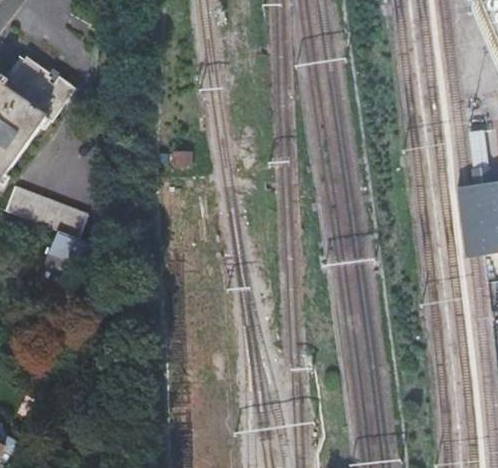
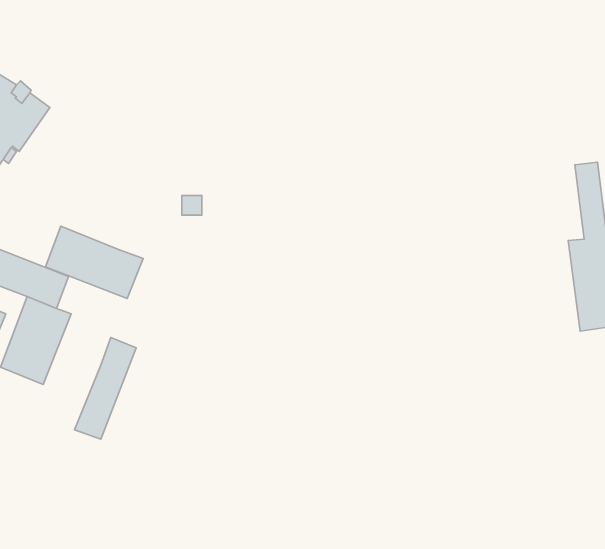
building: none -> [46,226,143,298]
building: none -> [75,338,136,439]

